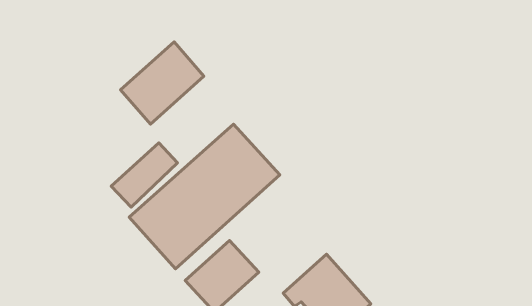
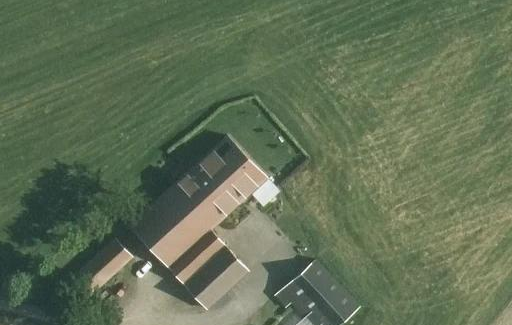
building: [121,42,204,124] -> none
building: [111,143,178,207] -> [72,235,135,296]

